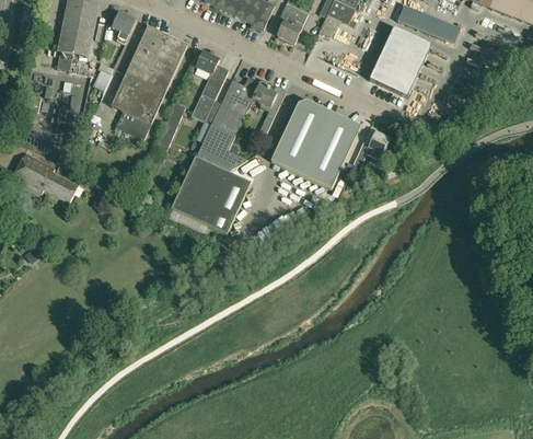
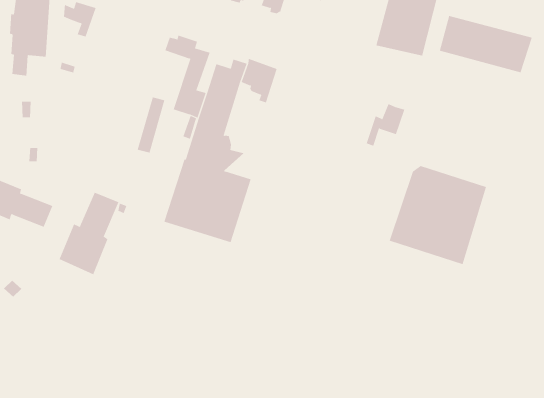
building: [111,24,186,139] -> none
building: none -> [439,15,532,73]
building: [270,99,360,188] -> [389,166,487,265]
building: none -> [59,192,119,275]

